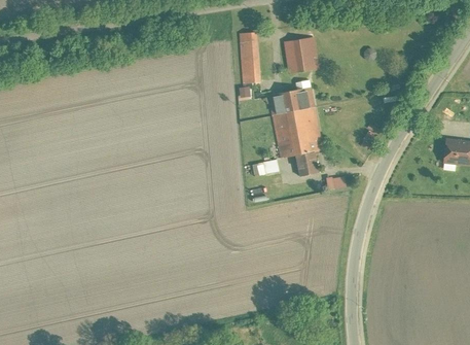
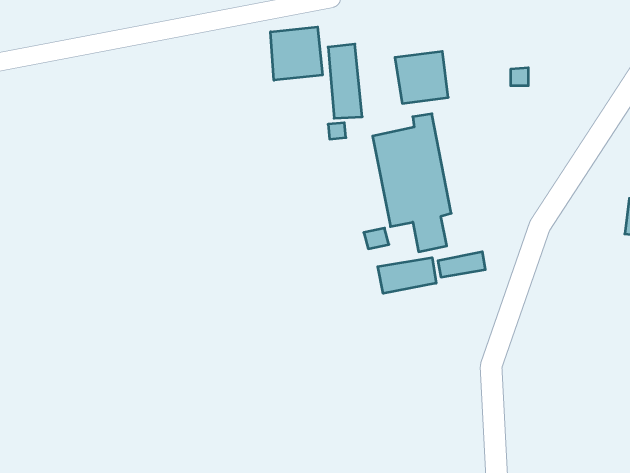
building: none -> [271,27,322,80]
building: none -> [378,258,436,293]

